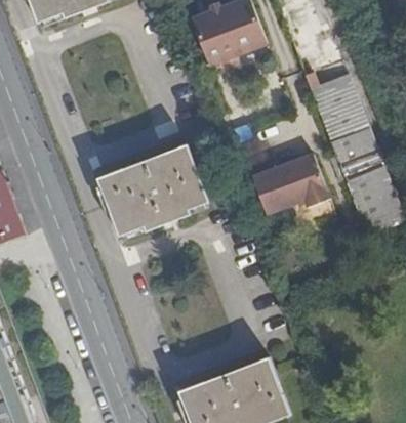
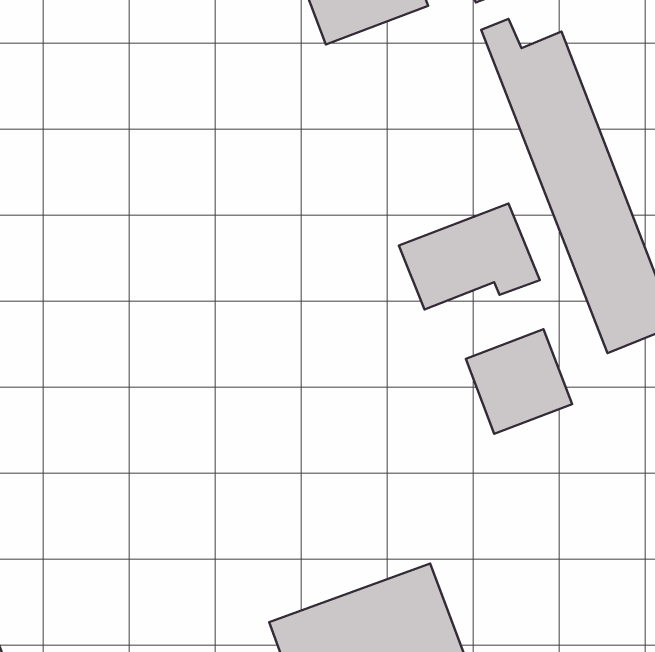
building: [98,144,208,234] -> none
building: none -> [466,329,572,434]

